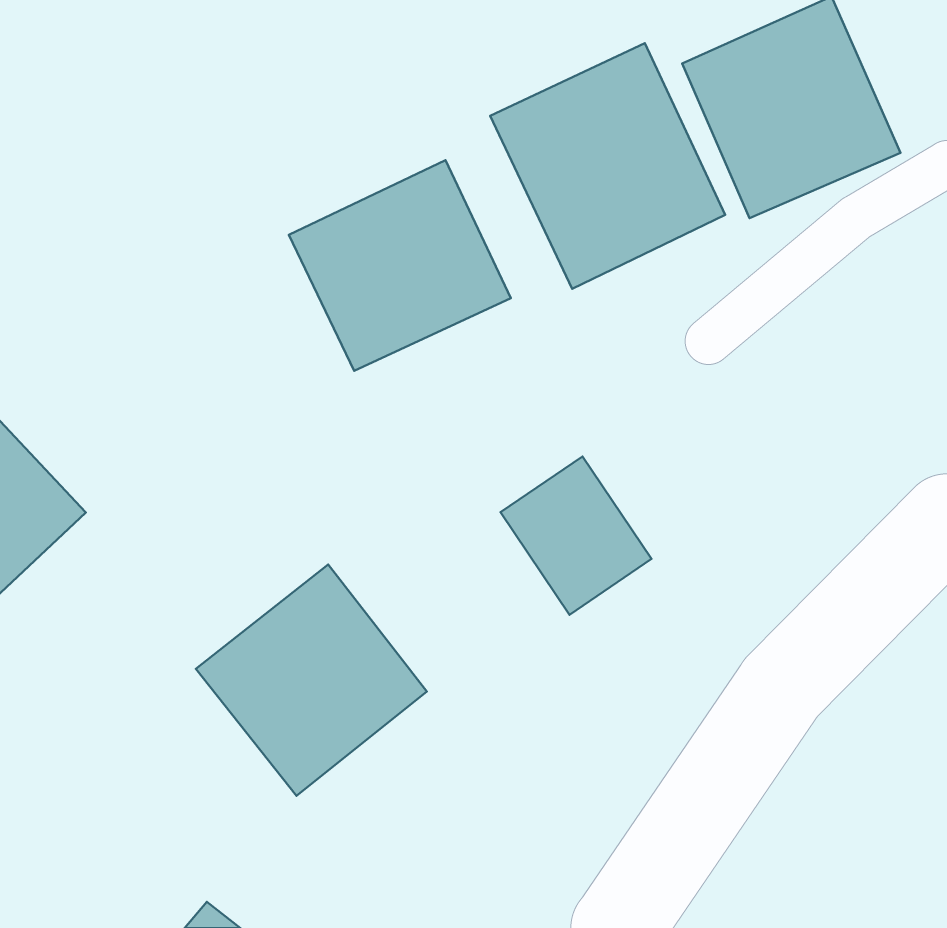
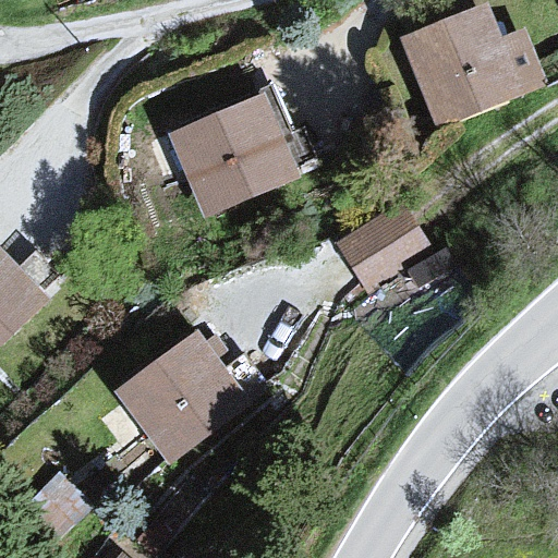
building: [490,43,725,289] -> none
building: [501,456,652,615] -> [336,205,424,298]

